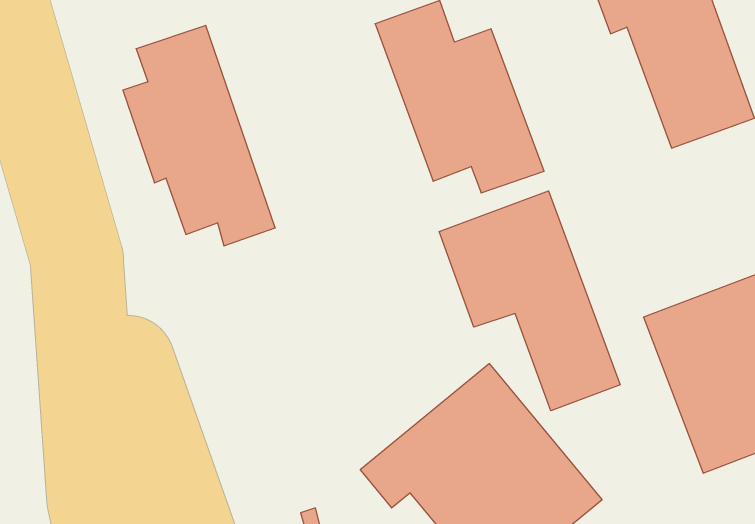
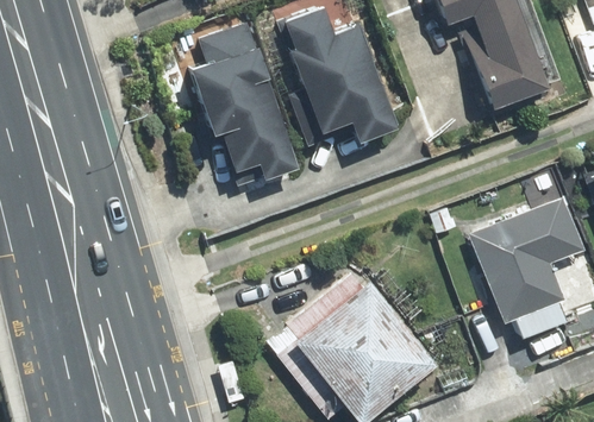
building: [123,25,275,246] -> [189,23,299,181]
building: [439,191,620,411] -> none

